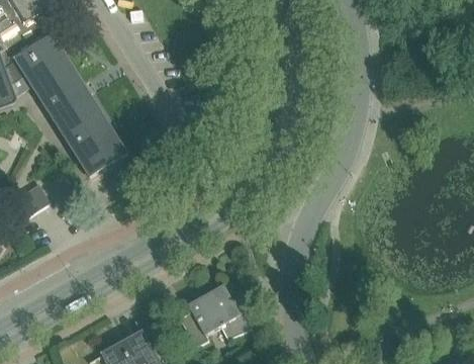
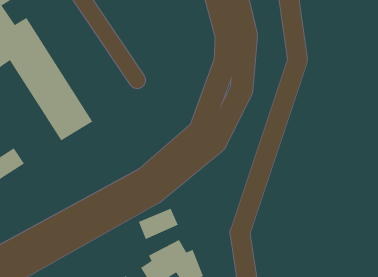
building: none -> [138,208,179,240]

